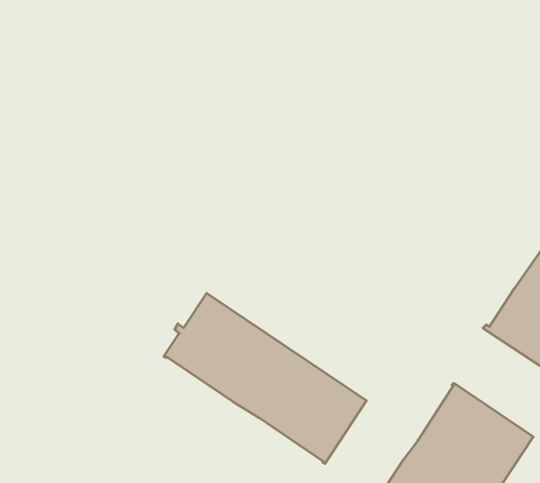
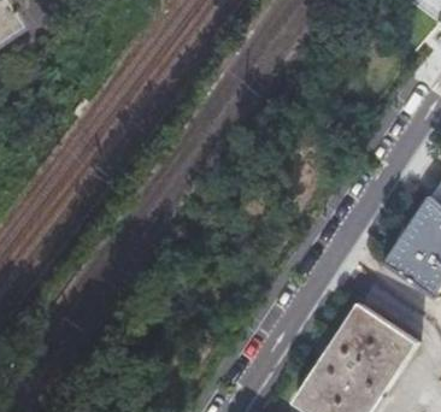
building: [164,293,366,464] -> none

